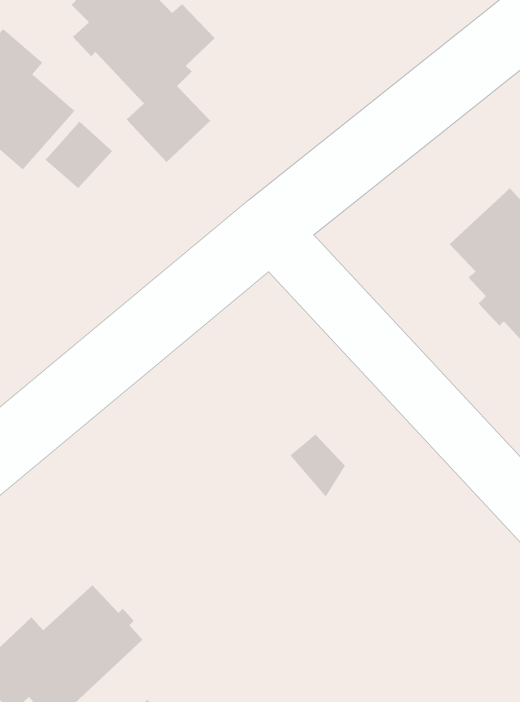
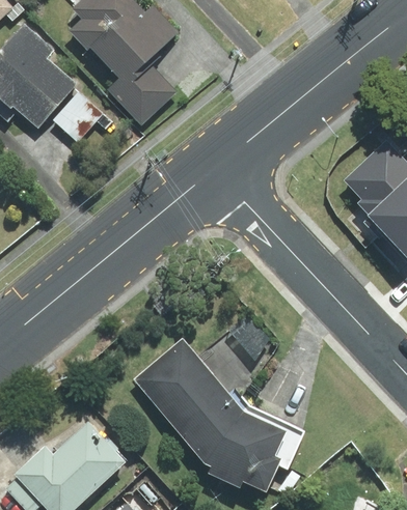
building: none -> [135,338,305,492]

